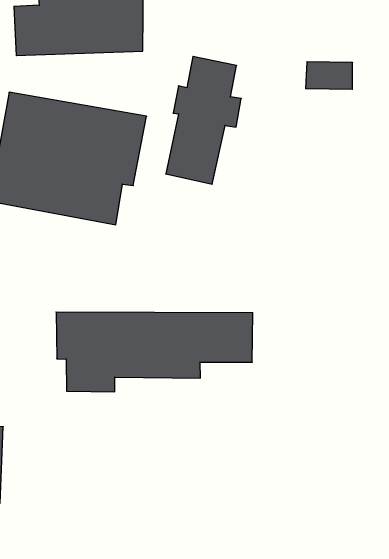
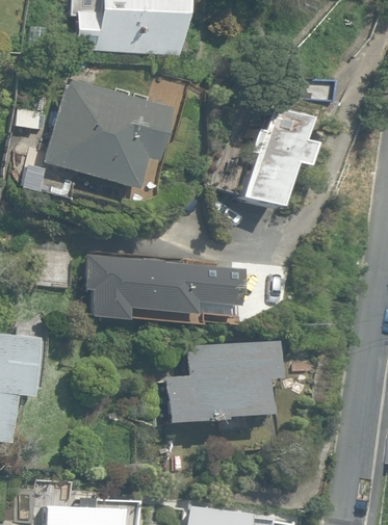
building: [166,56,241,184] -> [239,108,304,209]
building: none -> [165,341,283,423]

